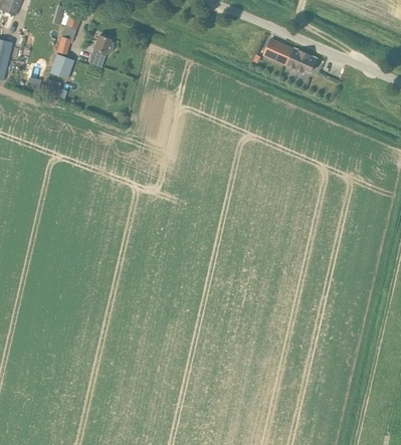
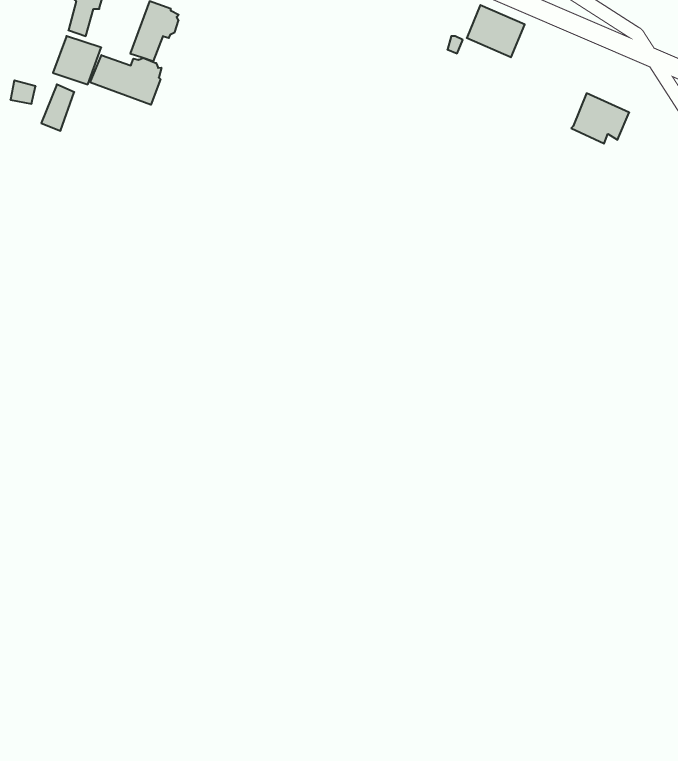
building: [286,48,317,74] -> [571,93,629,144]
building: none -> [90,55,161,105]

